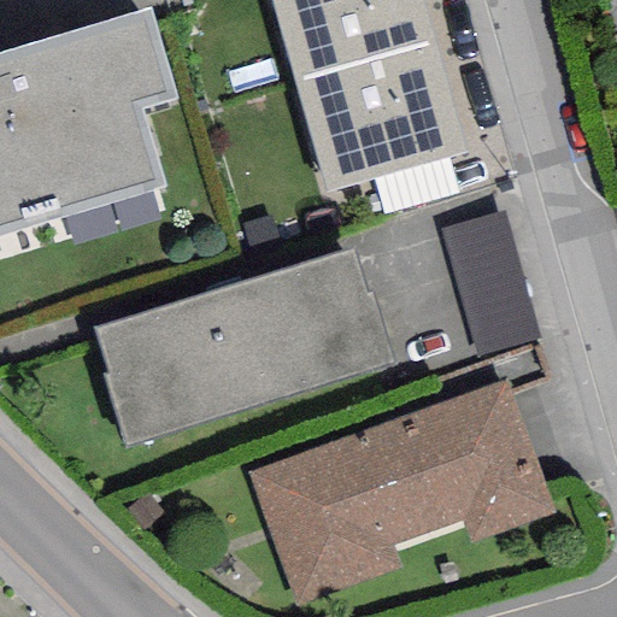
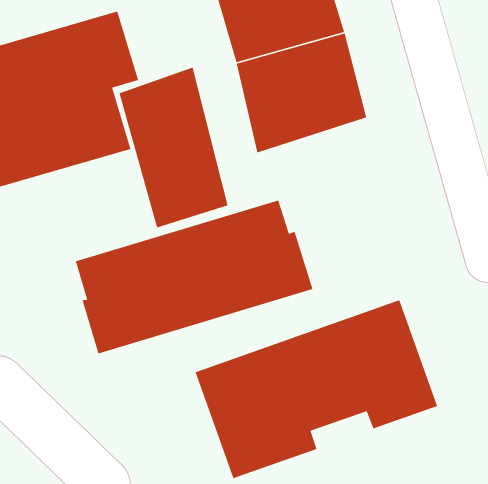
building: none -> [118,67,229,229]
building: [453,206,547,348] -> none

